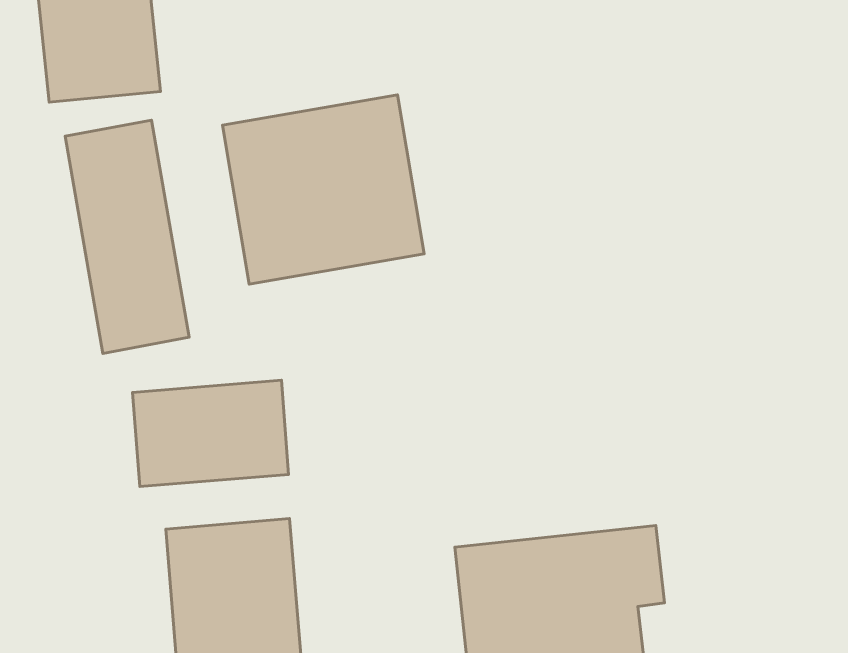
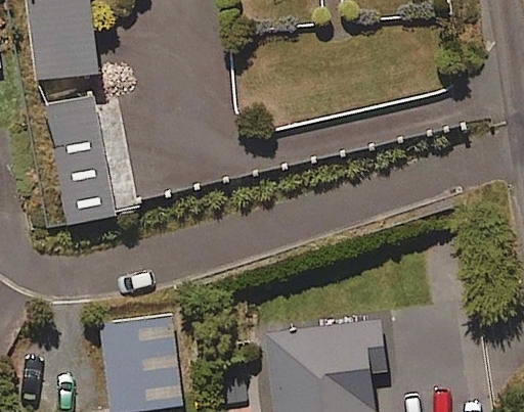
building: [222,95,424,284] -> none
building: [132,380,289,487] -> none

